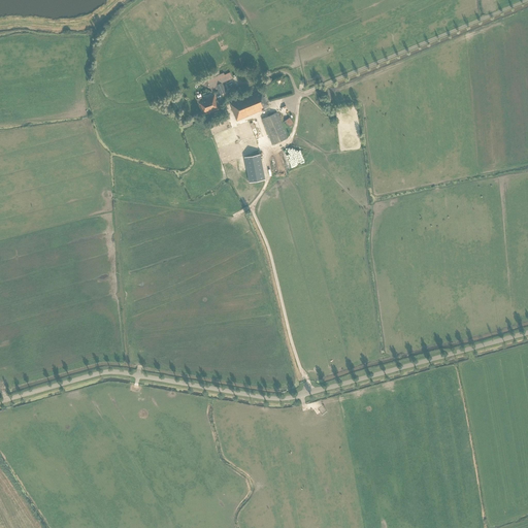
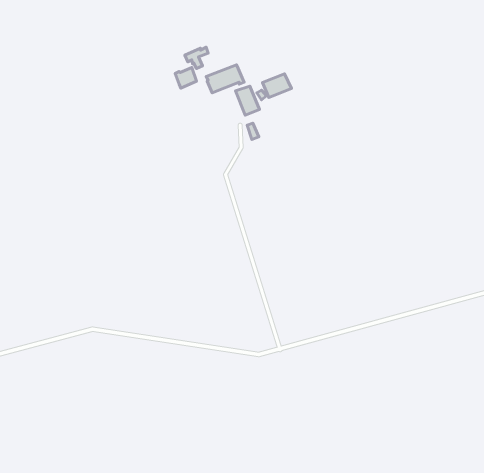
building: none -> [263,74,291,98]
building: [243,155,265,183] -> none

